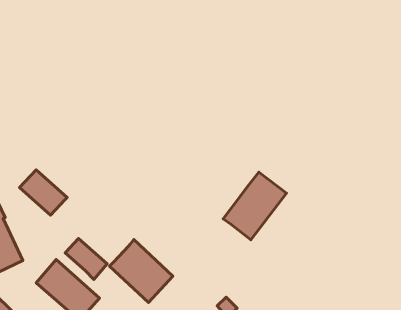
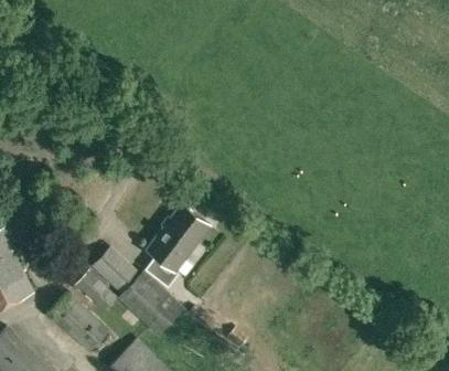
building: [19,170,67,215] -> [93,250,140,295]
building: [223,172,286,240] -> [147,205,210,273]

